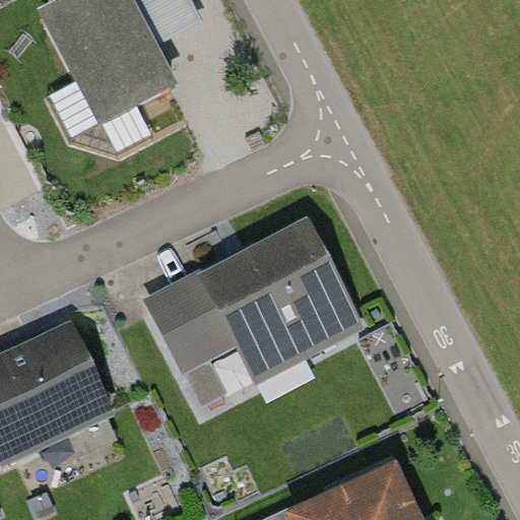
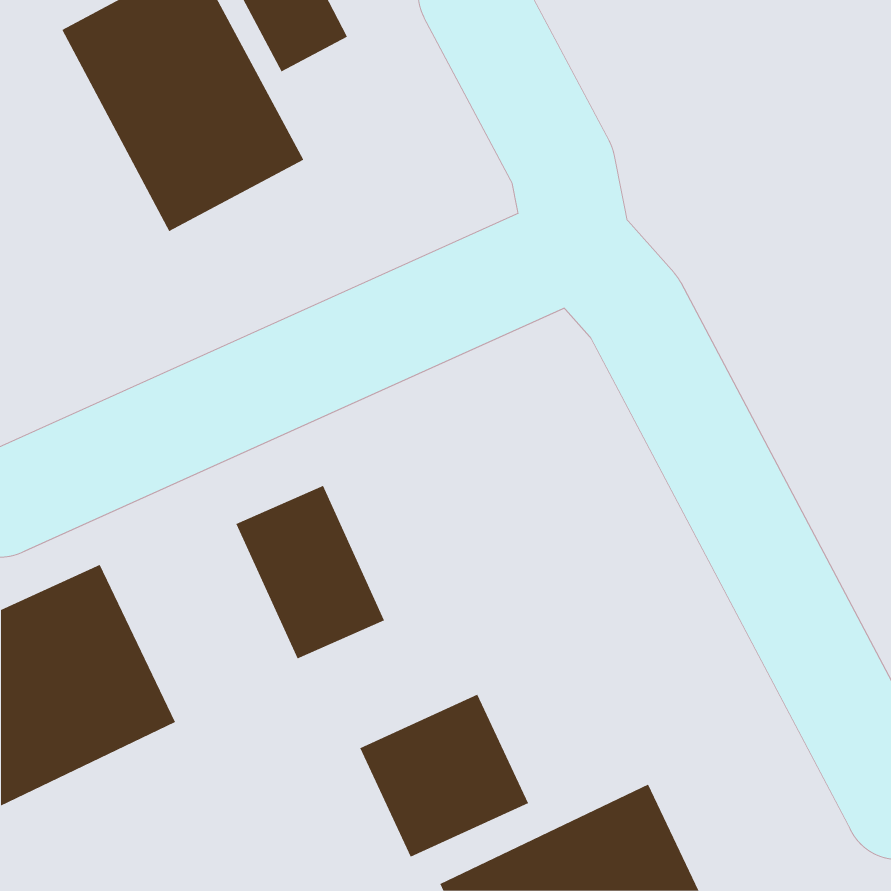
building: [201,218,369,381] -> none
building: none -> [359,694,529,858]

